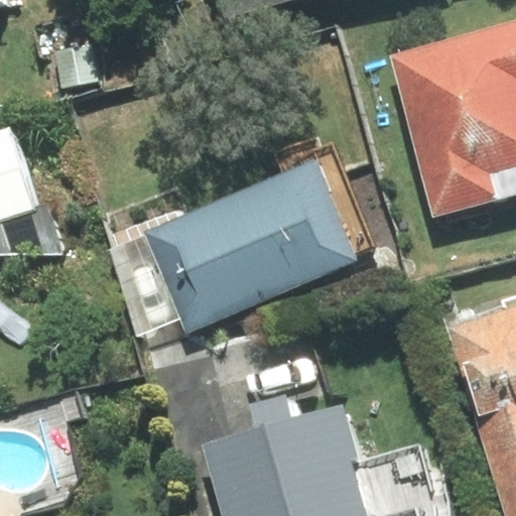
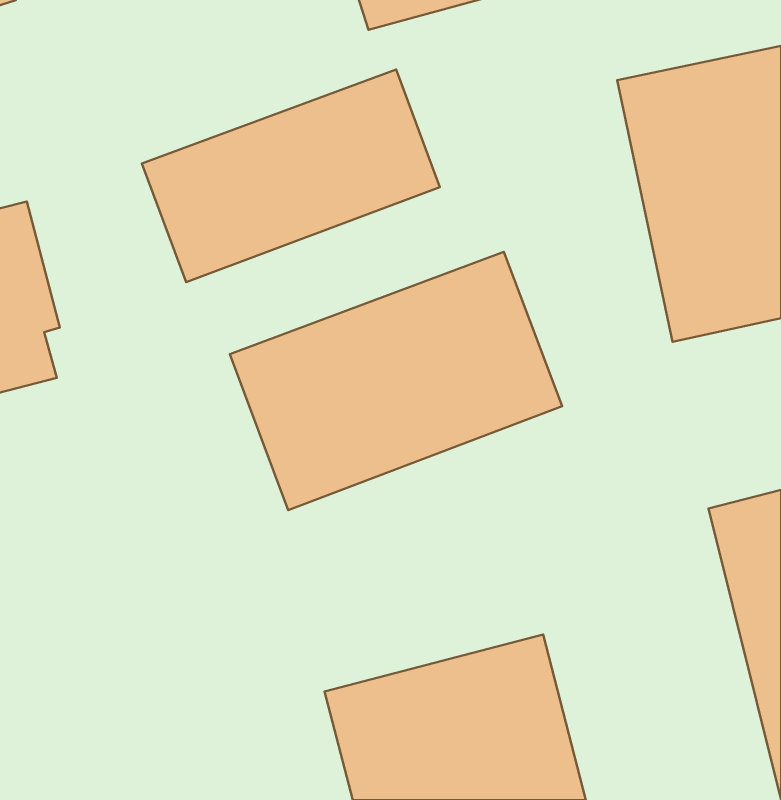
building: none -> [142,69,440,282]

